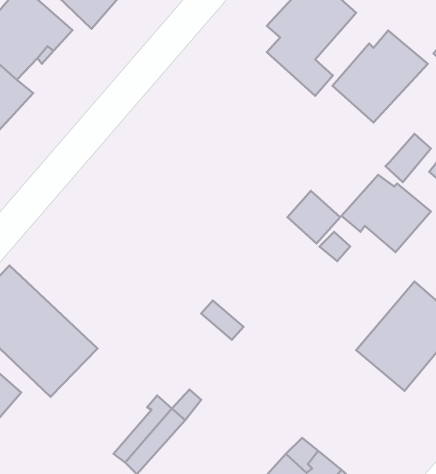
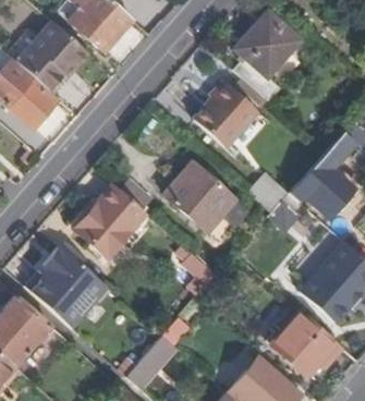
building: [333,30,428,122] -> [183,82,254,150]
building: none -> [163,162,234,232]
building: none -> [73,189,142,258]
building: none -> [271,312,341,376]

